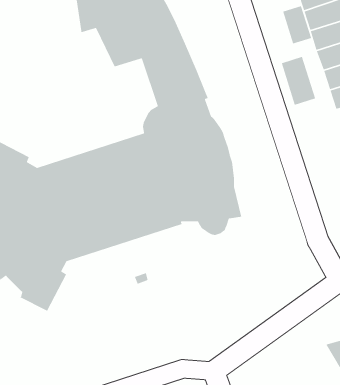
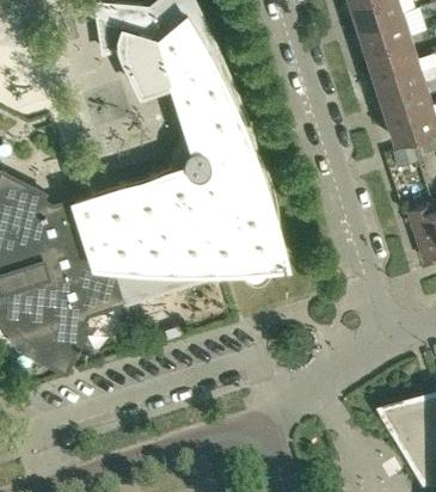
building: [282,5,312,45] -> none
building: [281,56,316,106] -> none

